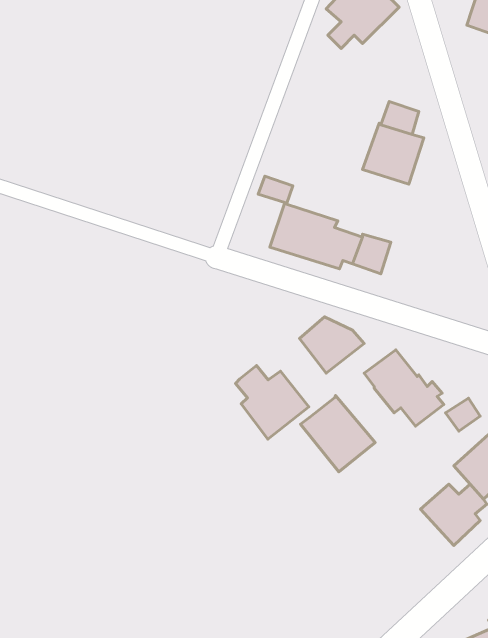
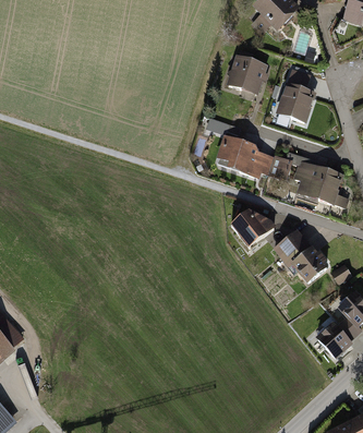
building: none -> [221,49,267,95]
building: none -> [294,161,349,209]
building: [236,366,309,439] -> none
building: [301,395,375,472] -> none

